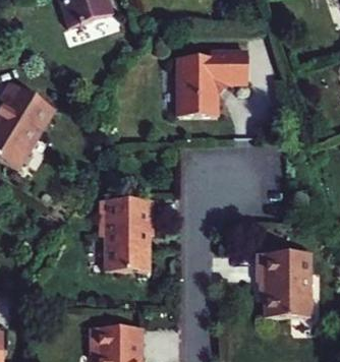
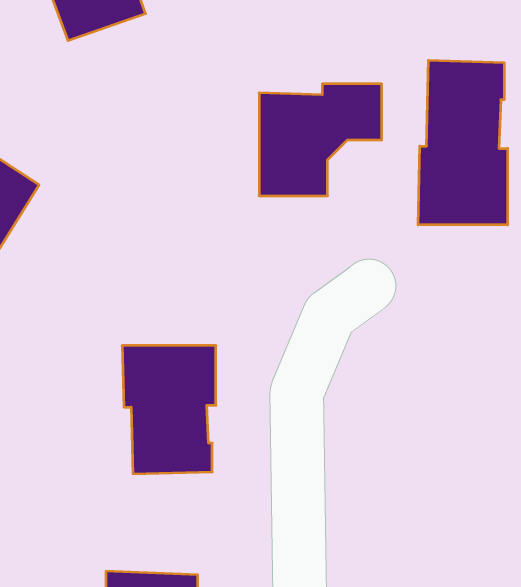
building: none -> [418,60,508,225]
building: [257,254,309,318] -> none

